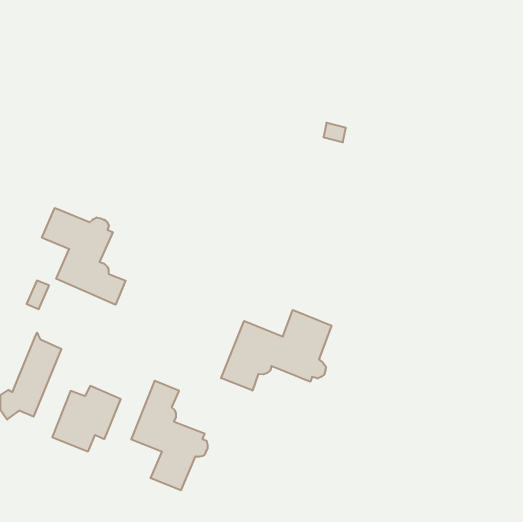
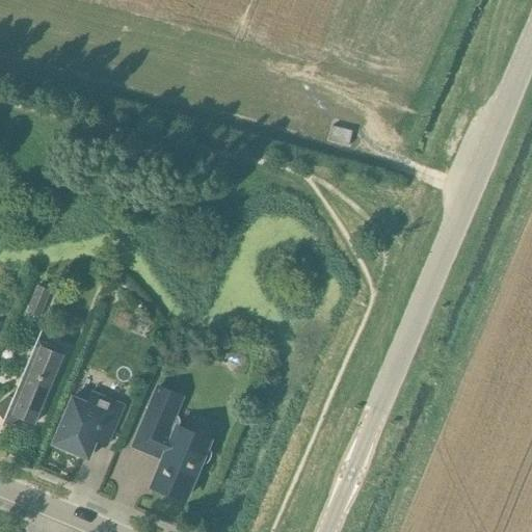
building: [42,208,126,305] -> none
building: [221,310,332,391] -> none

